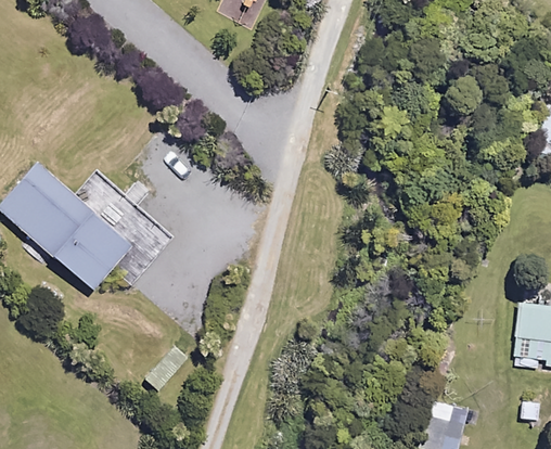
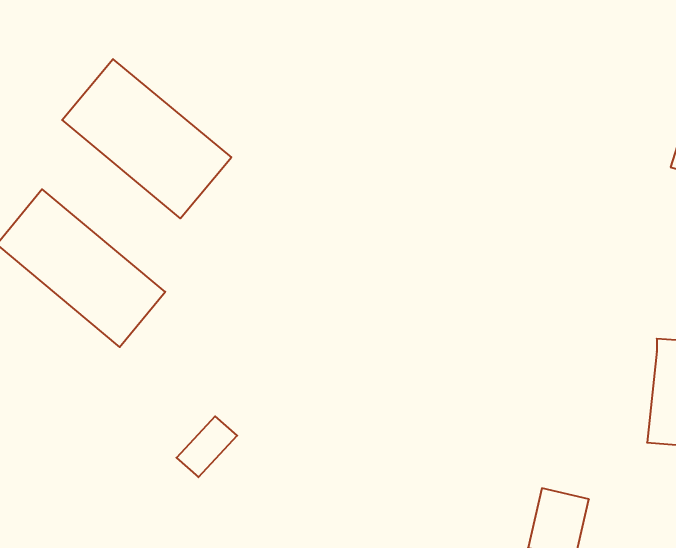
building: none -> [62,59,231,218]

